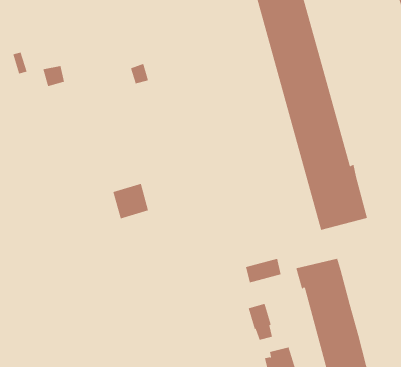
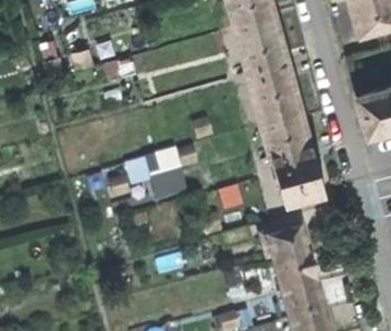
building: none -> [145,144,190,196]

